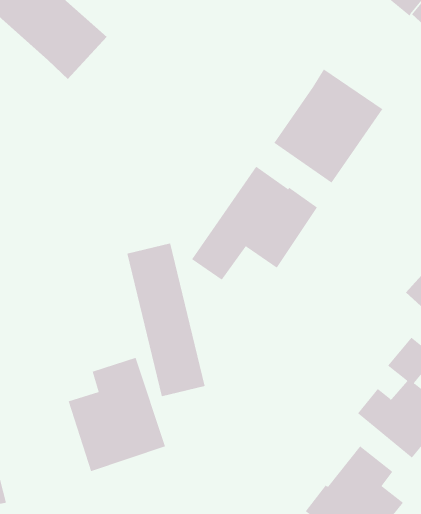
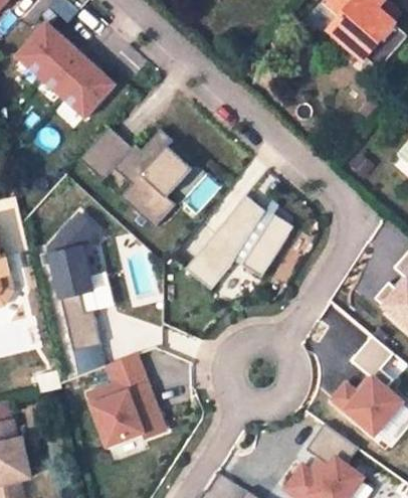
building: [273,68,383,183] -> none
building: none -> [81,125,193,225]
building: [126,243,205,397] -> [43,221,110,351]

